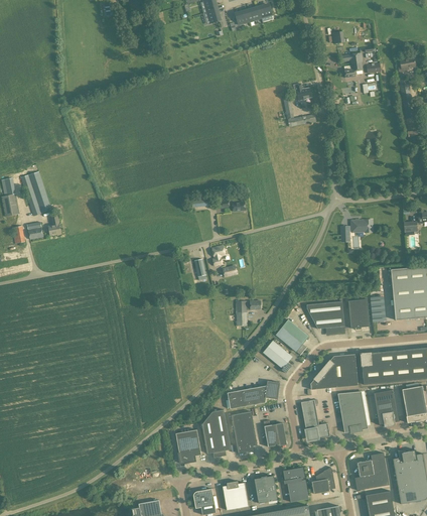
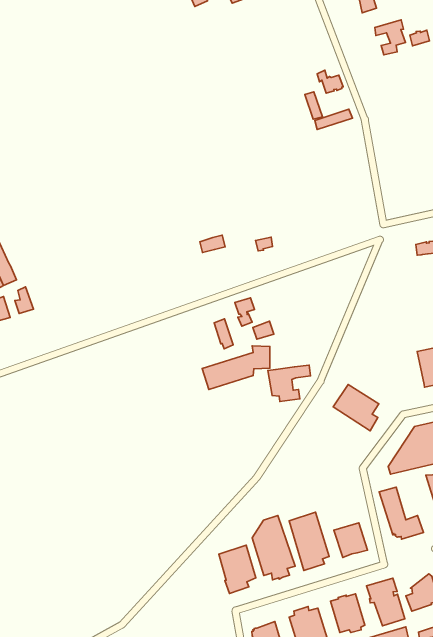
building: [305,300,343,334] -> none
building: [262,340,291,372] -> none
building: [227,380,279,408] -> [202,346,270,389]

